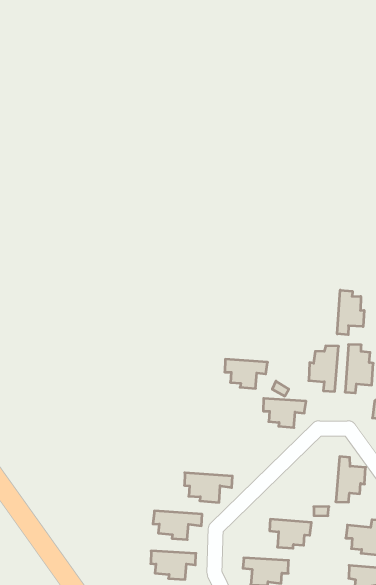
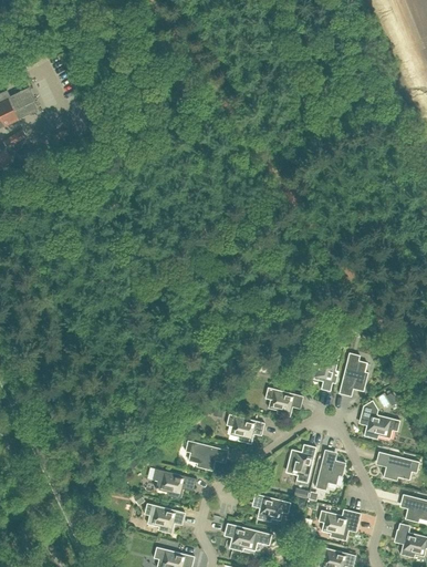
building: [337,290,364,335] -> none
building: [225,359,268,388] -> [227,413,265,443]
building: none -> [289,444,316,483]

